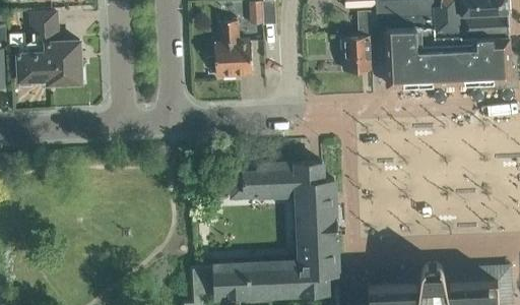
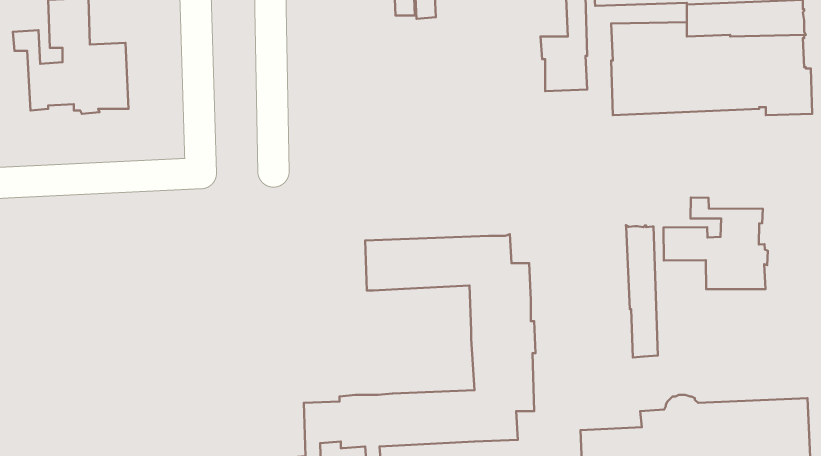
building: [214,20,252,77] -> none
building: none -> [664,197,768,289]
building: none -> [626,225,658,357]

